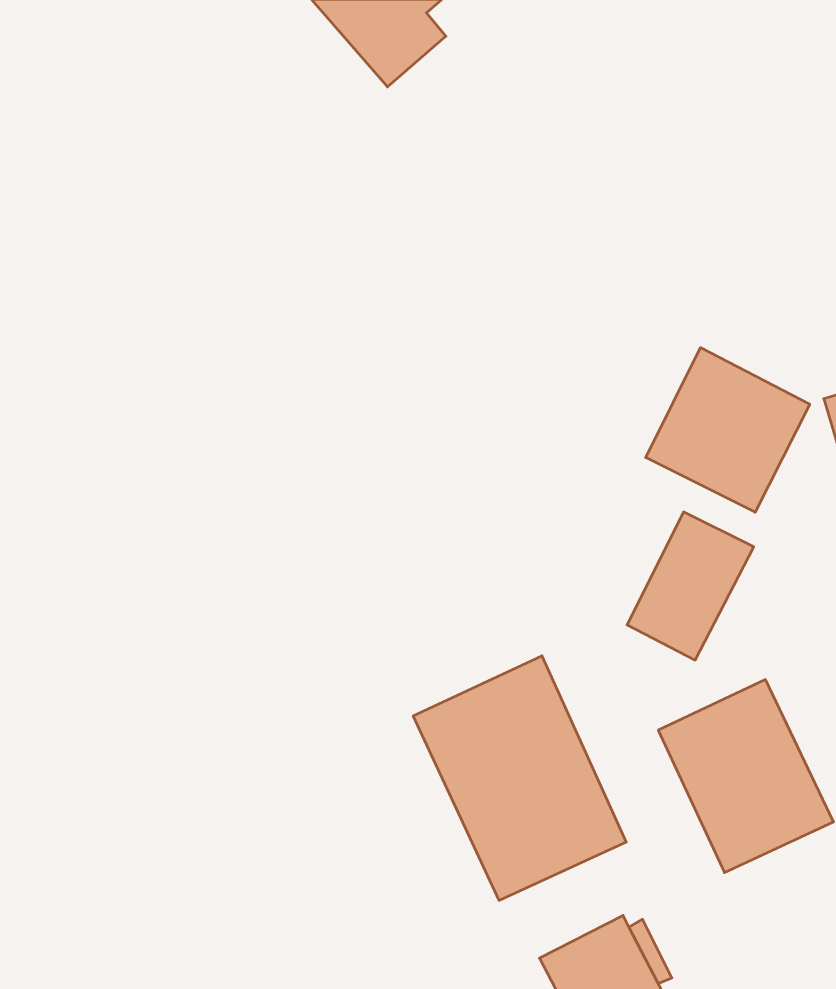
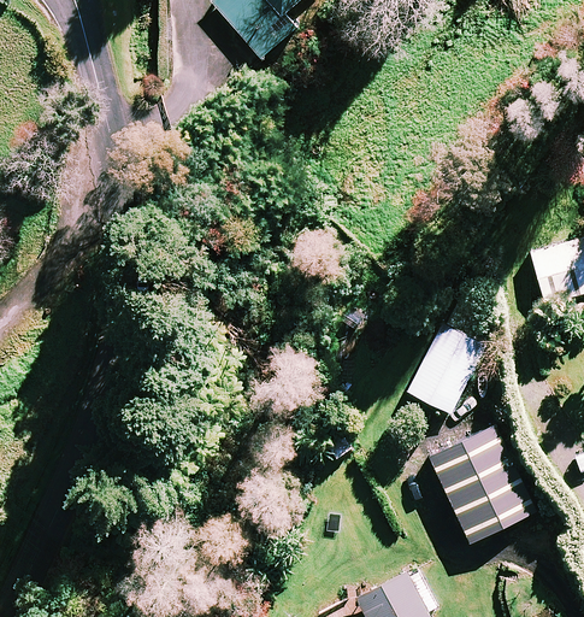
building: [646,348,810,512] -> none
building: [413,656,626,900] -> none

